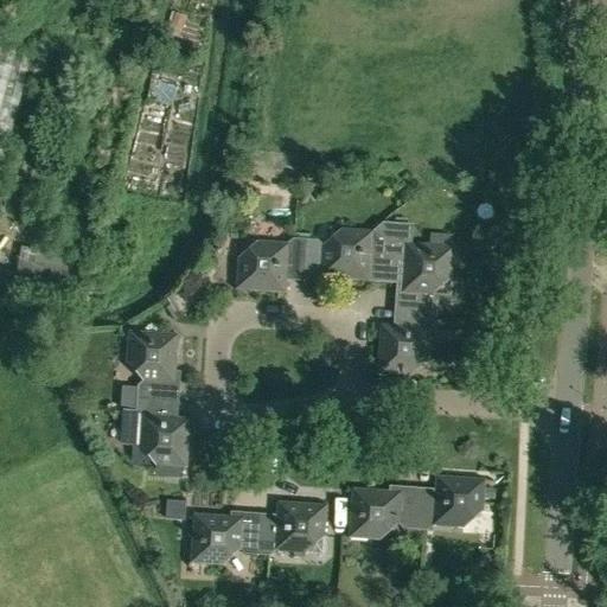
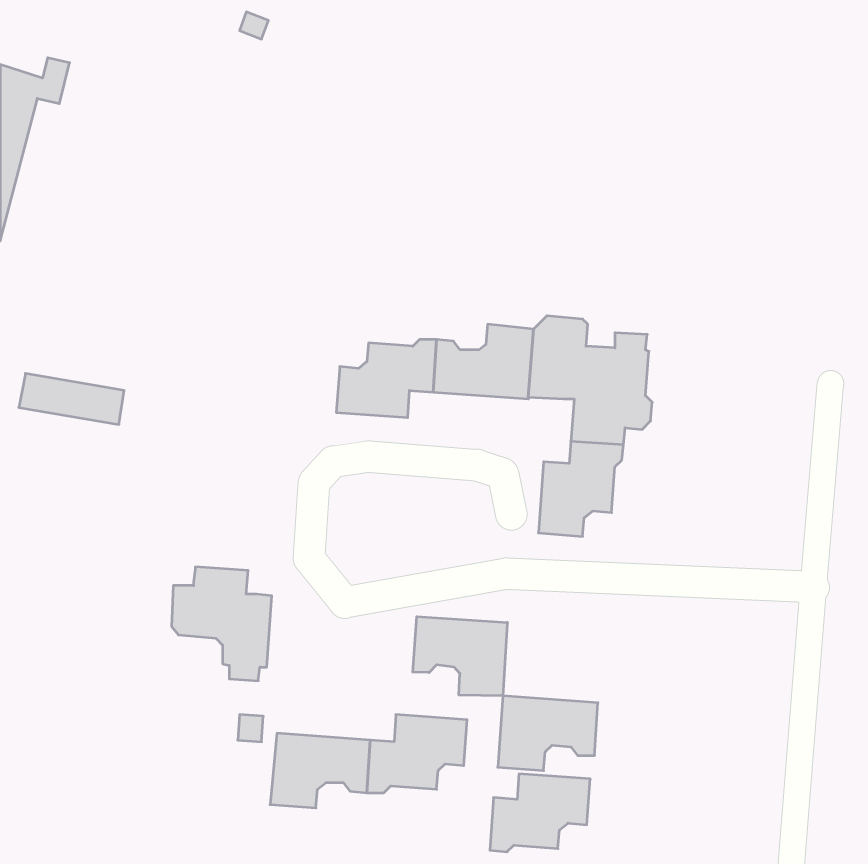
building: [126,330,178,398] -> none
building: none -> [413,617,507,696]
building: [415,474,485,529] -> [490,774,590,852]

